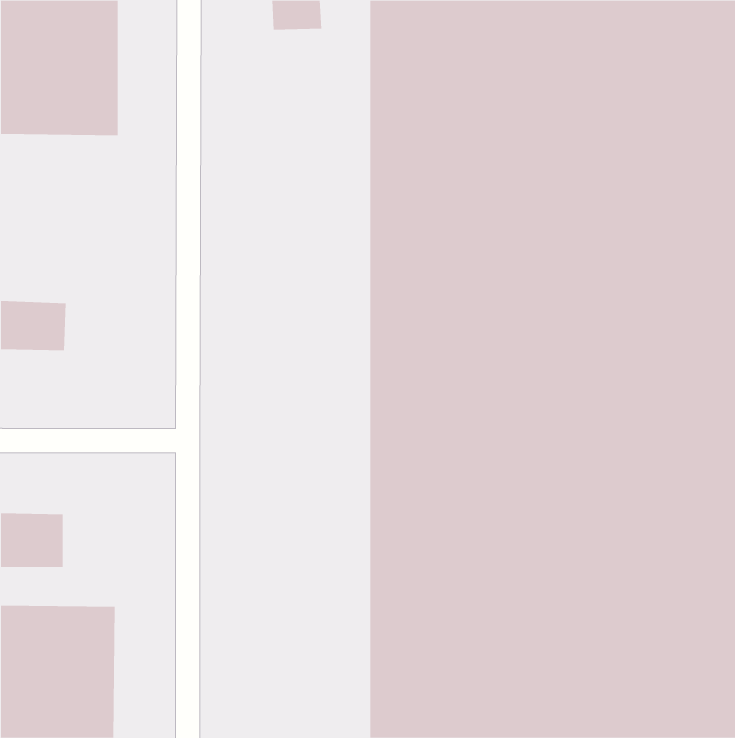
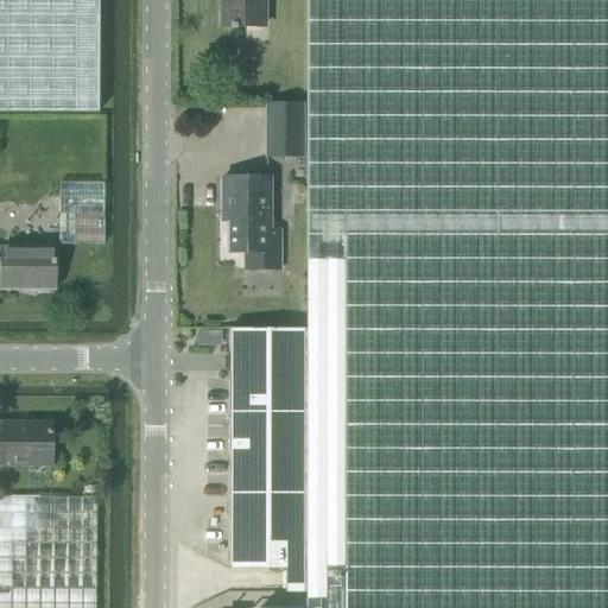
building: none -> [266,102,304,158]
building: none -> [222,179,283,271]
building: none -> [58,183,104,243]
building: none -> [230,329,306,591]

